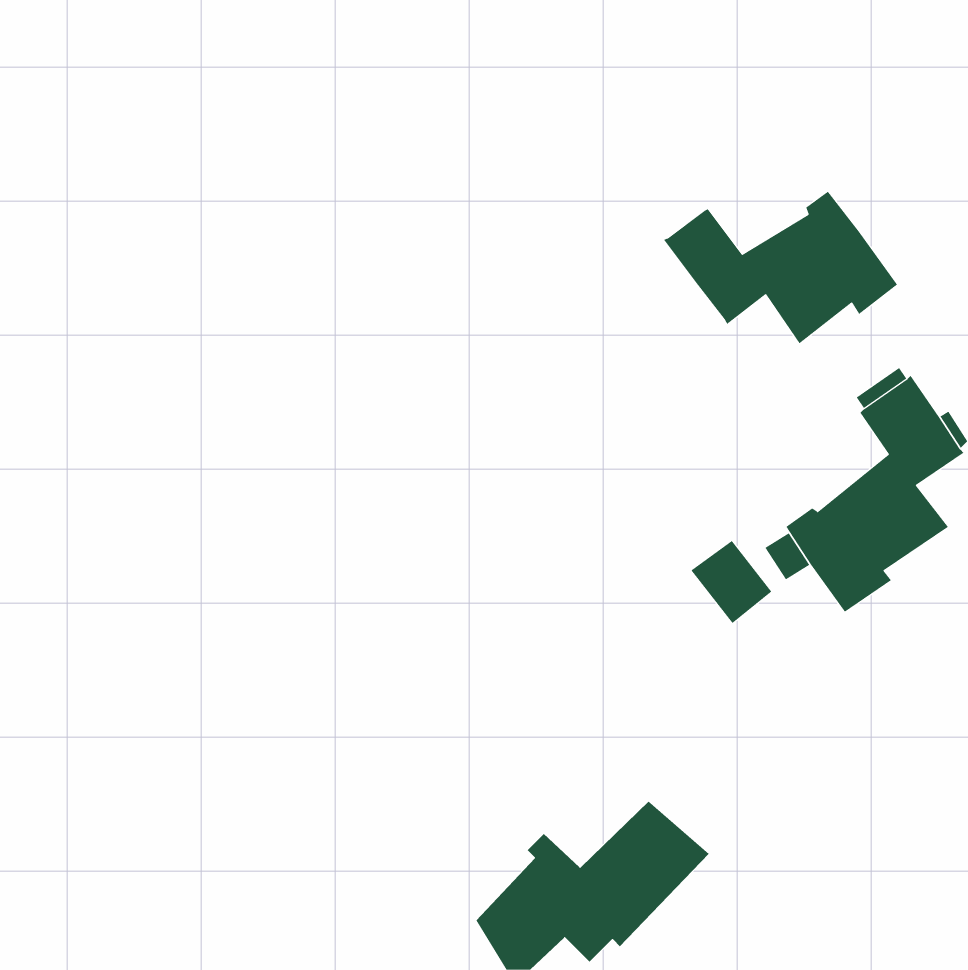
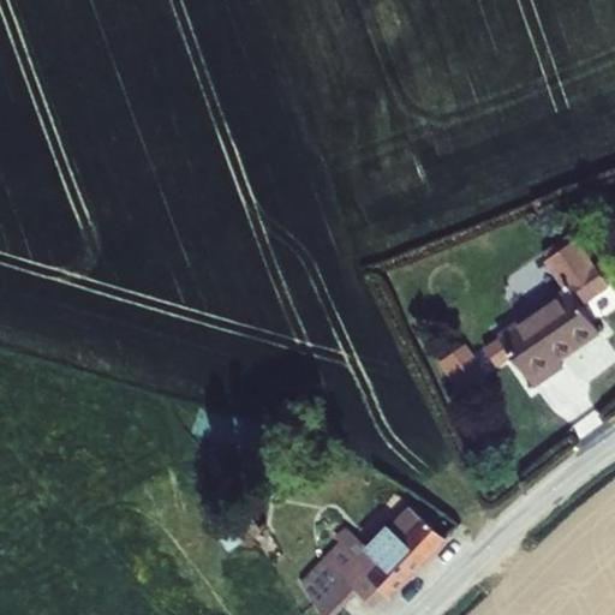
building: [663,191,898,344] -> none

